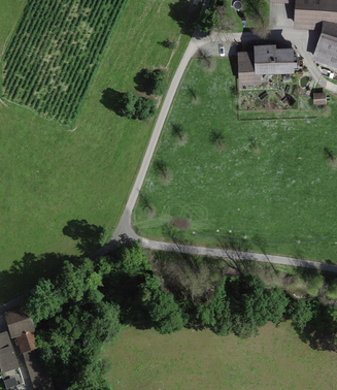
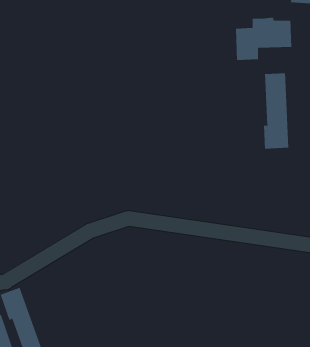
building: none -> [263,72,289,149]

